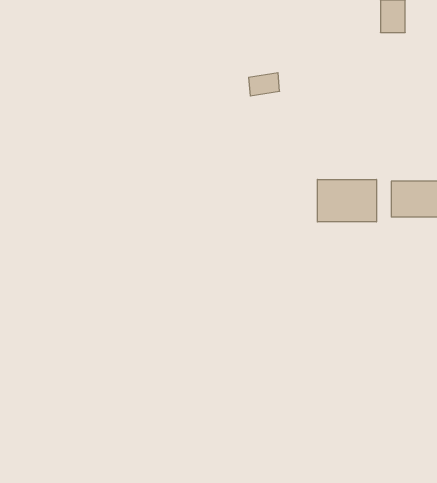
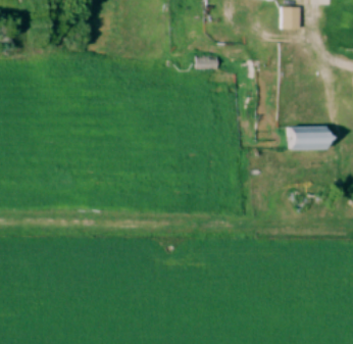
building: [317,179,376,222] -> none

